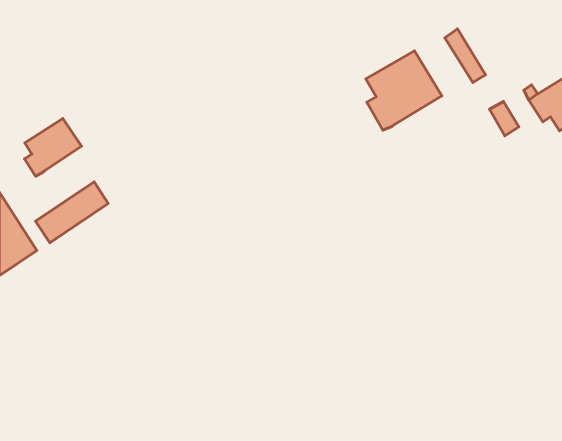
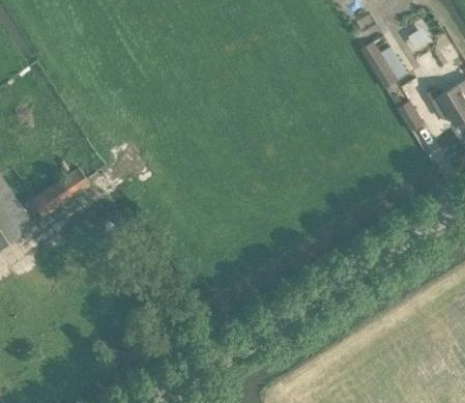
building: [366,51,442,130] -> none
building: [24,118,82,176] -> none

